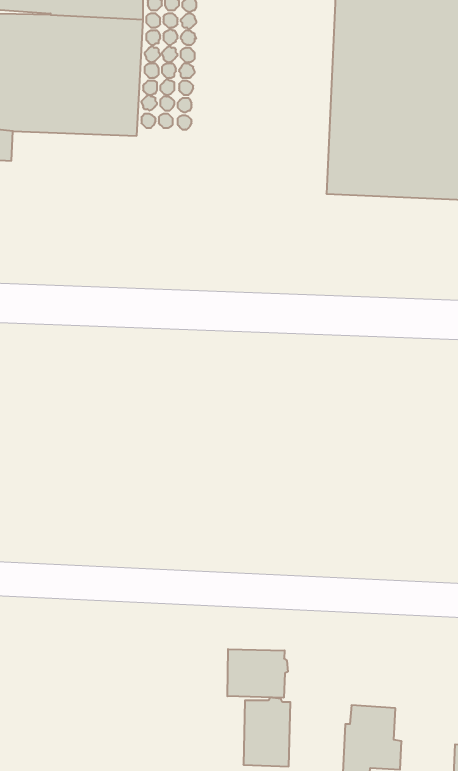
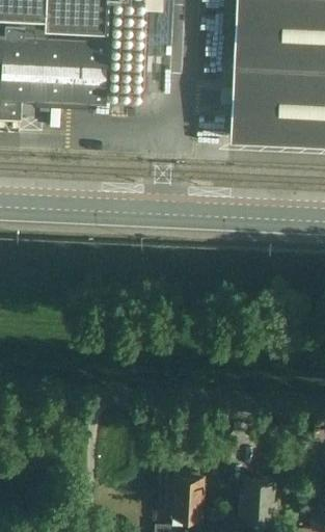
building: [227,649,288,698] -> none

